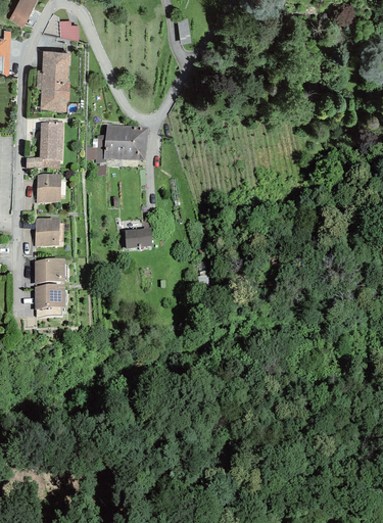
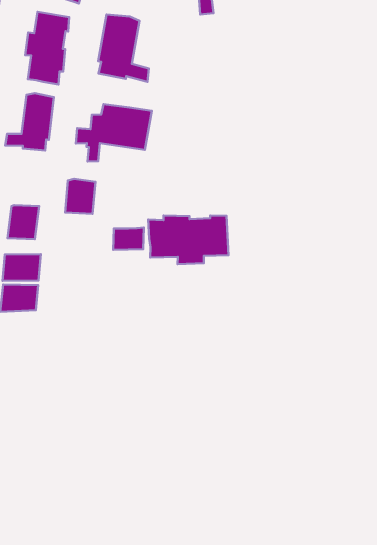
building: none -> [98,14,149,82]
building: [37,173,60,202] -> [65,179,95,214]
building: none -> [148,215,229,264]

